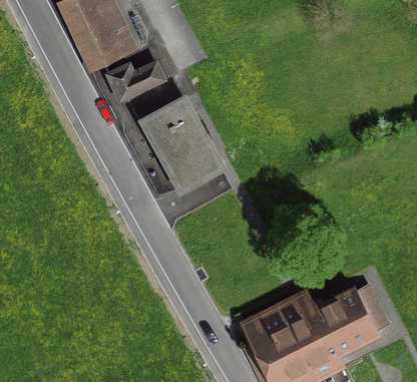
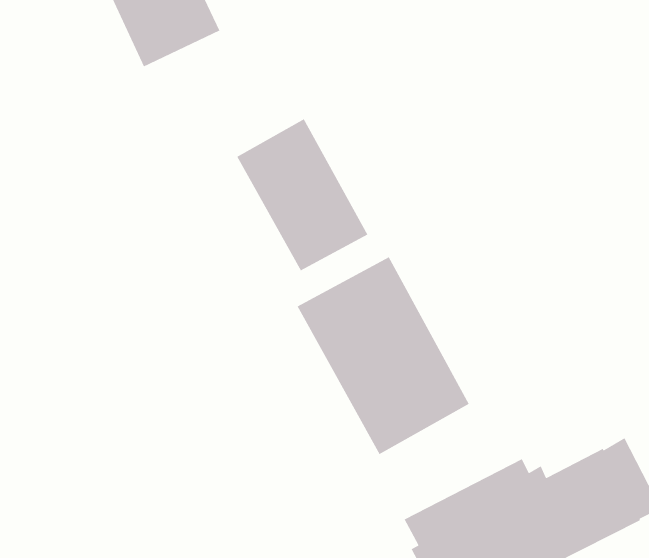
building: [108,63,163,100] -> none
building: none -> [297,256,470,455]

